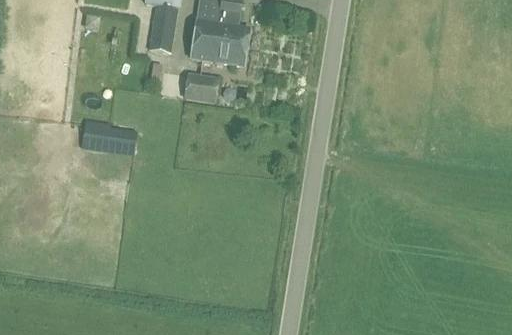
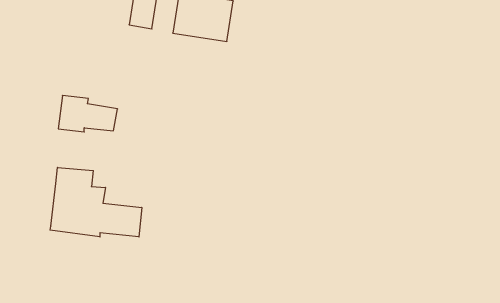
building: [183,72,220,102] -> none
building: none -> [50,167,142,237]

